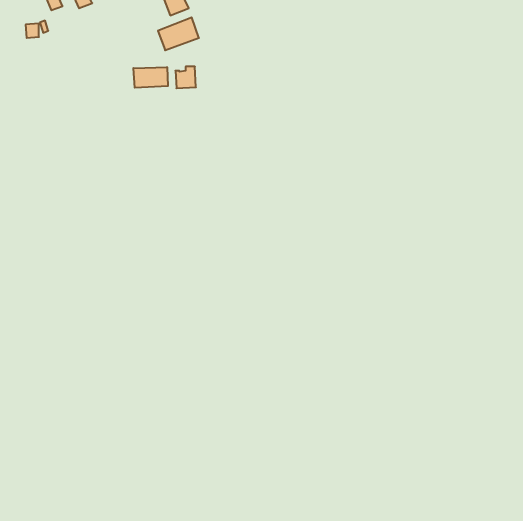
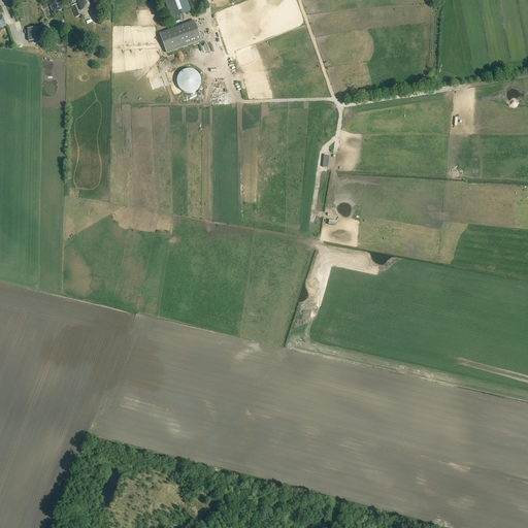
building: [133,67,168,88] -> none

